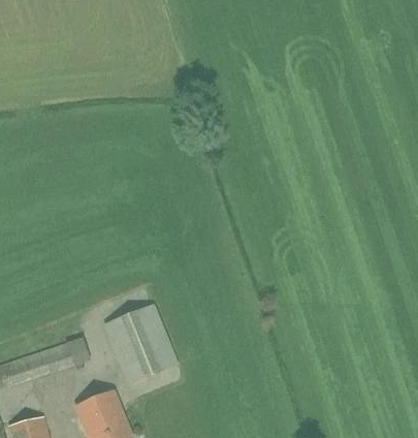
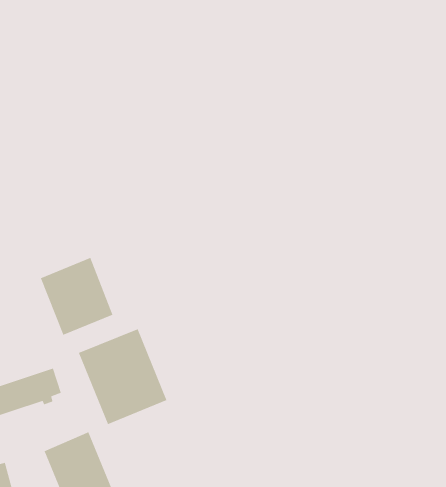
building: none -> [40,257,114,336]

